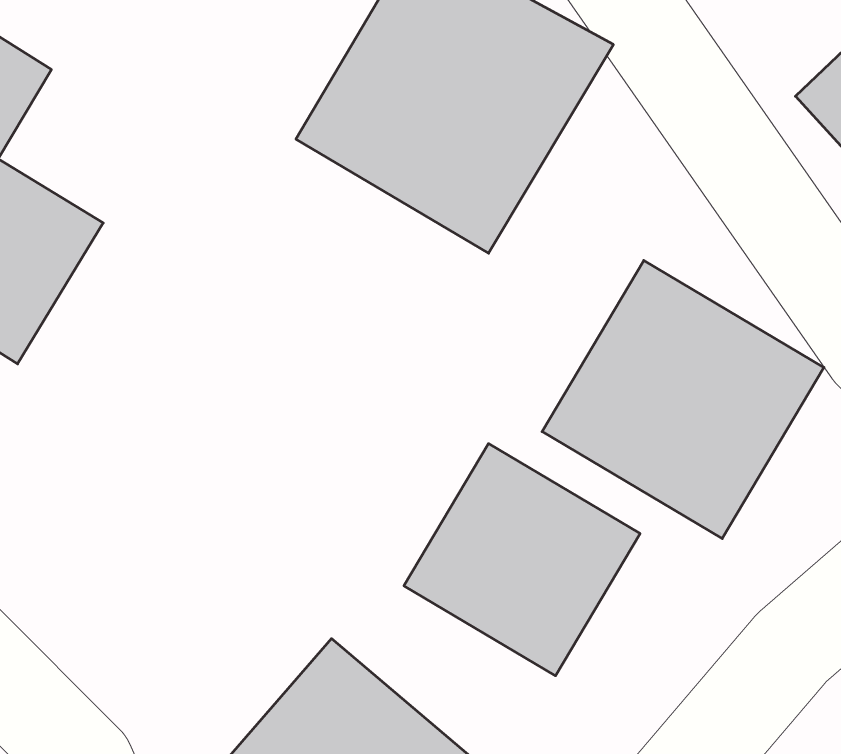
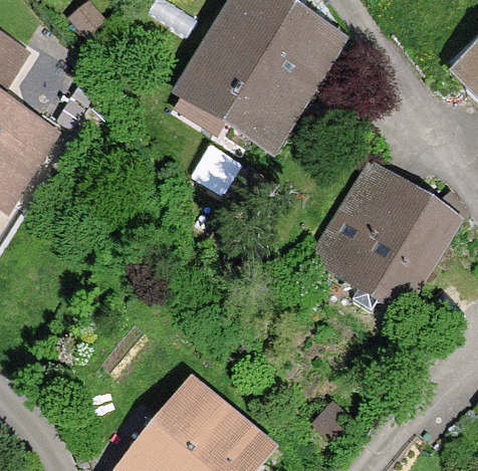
building: [404,444,640,676] -> none

